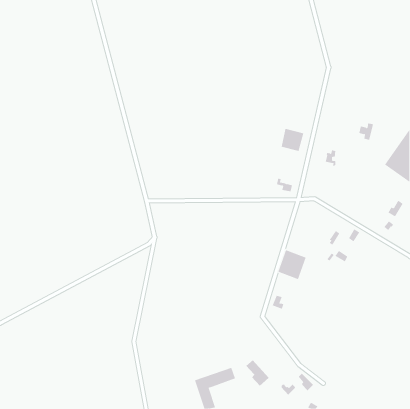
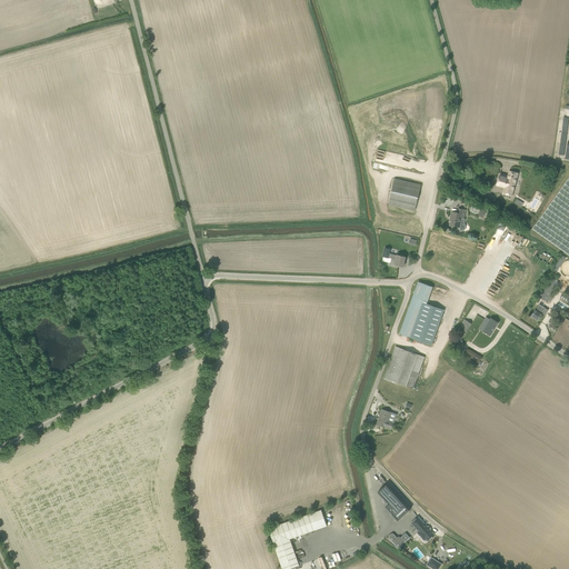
building: none -> [400,281,445,345]
building: [245,359,270,387] -> [378,482,411,520]

